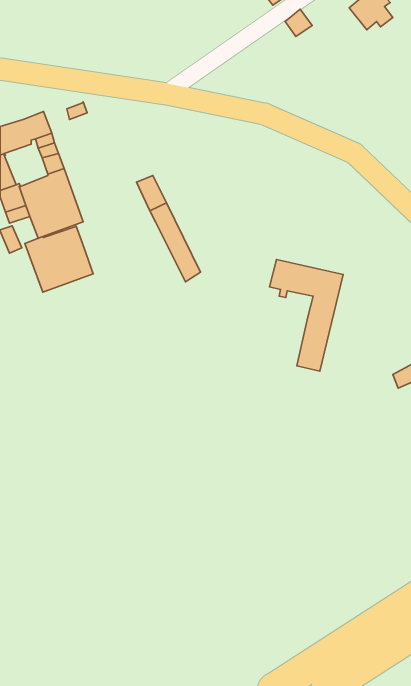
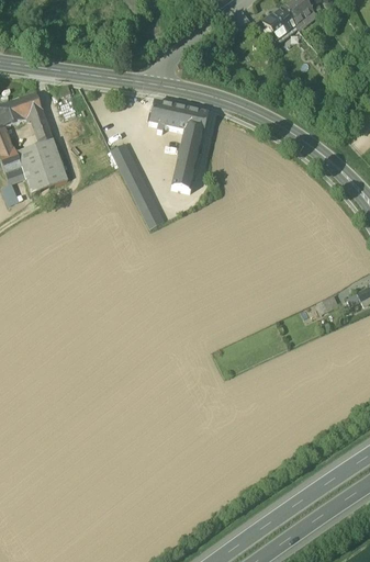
building: none -> [262,8,295,38]
building: [25,226,93,292] -> none
building: [270,260,343,371] -> [148,101,208,191]

